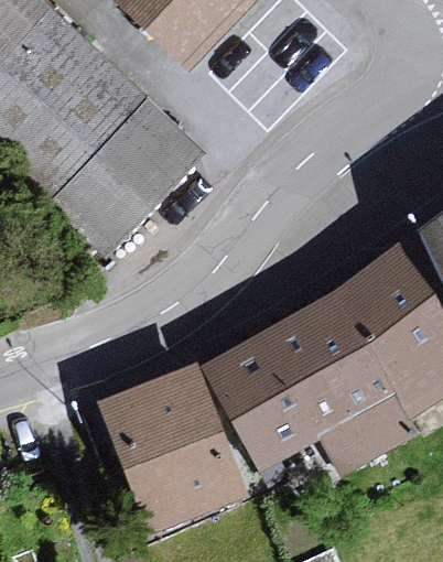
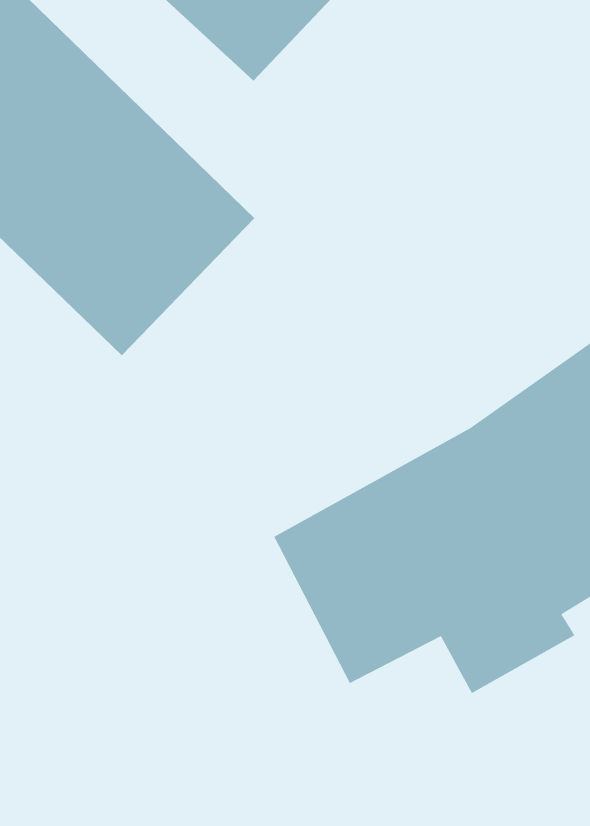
building: [104,370,241,531] -> none

